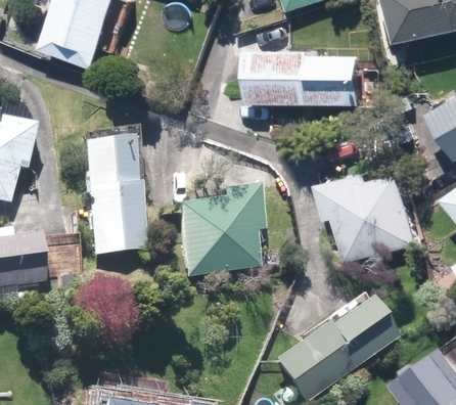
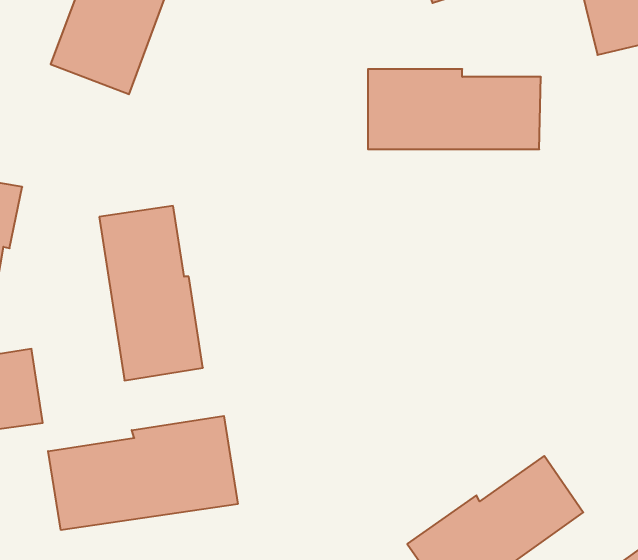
building: [323,174,419,260] -> none
building: [173,189,255,277] -> none
building: none -> [48,416,238,530]

